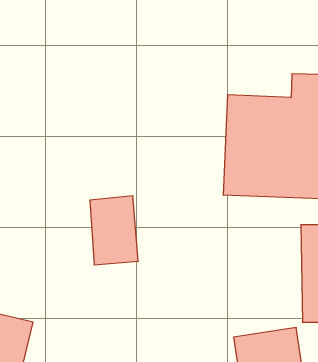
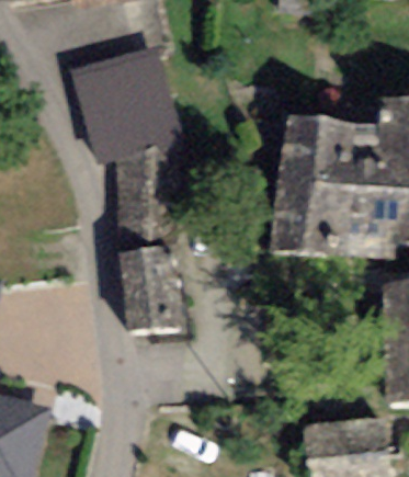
building: none -> [76,47,182,163]
building: none -> [117,164,171,237]

